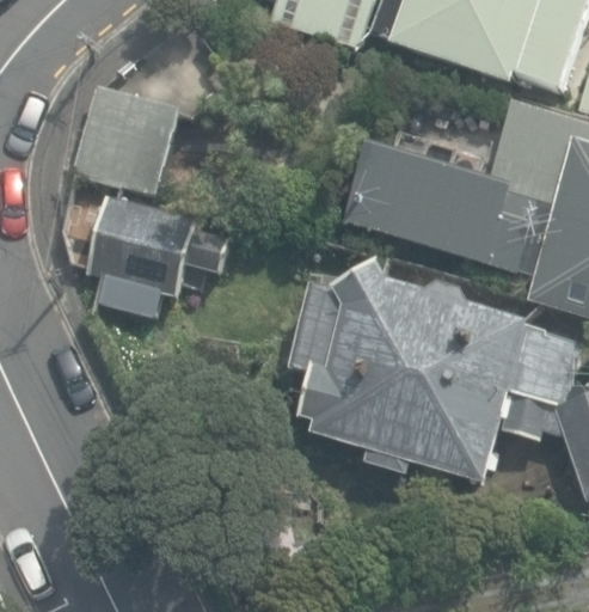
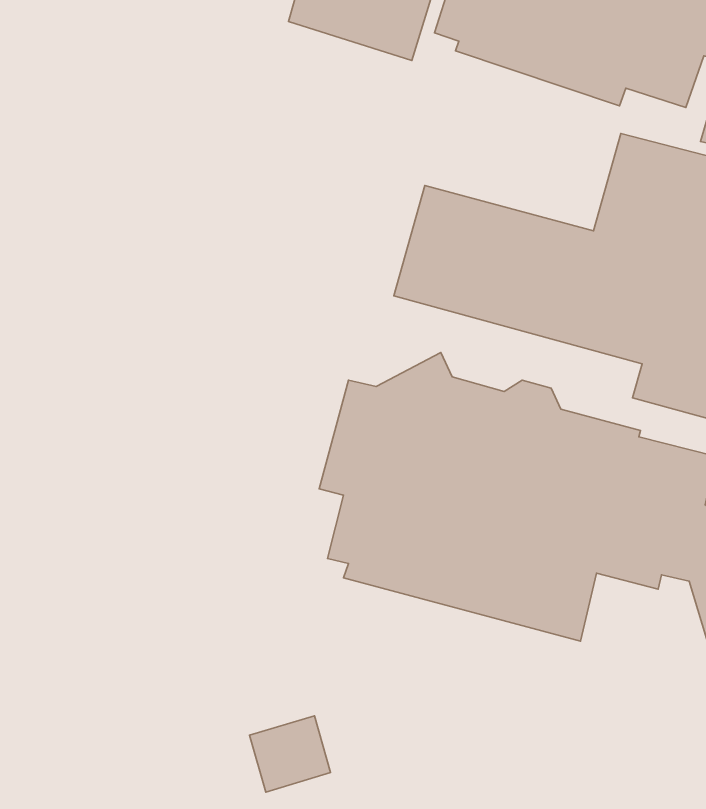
building: [72,84,180,195] -> none
building: [87,196,229,316] -> none

